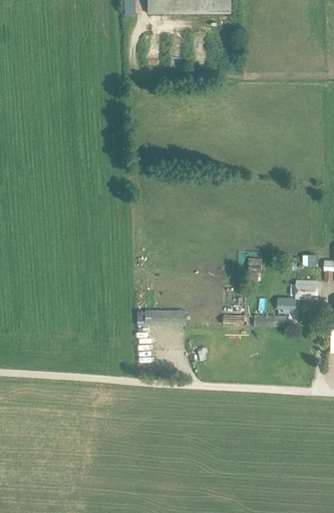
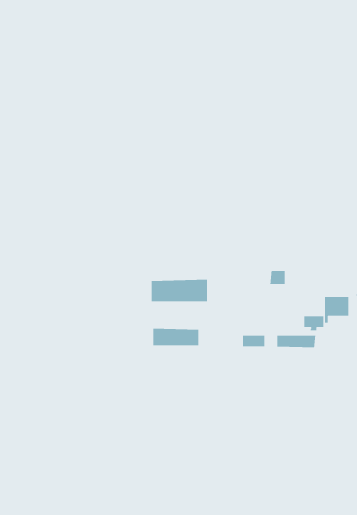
building: none -> [151,279,208,302]

